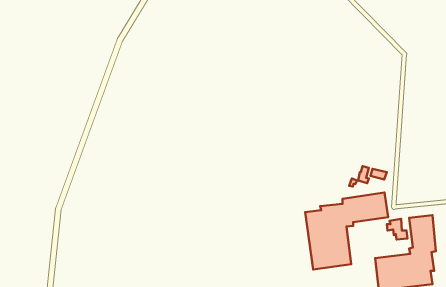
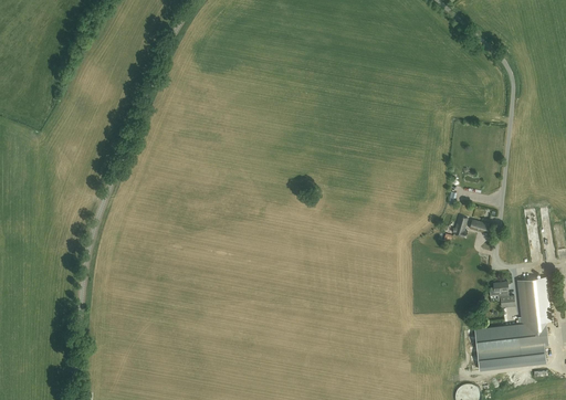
building: [305,192,388,270] -> none

